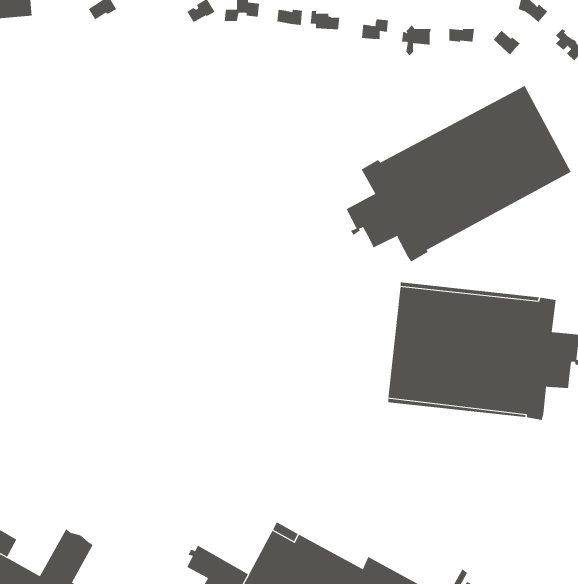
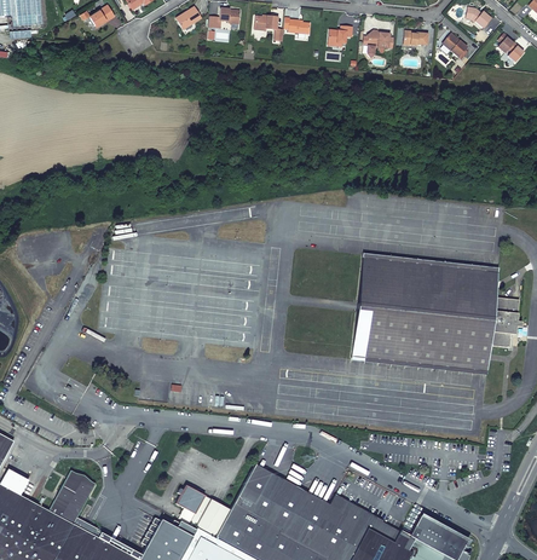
building: [346,85,571,262] -> none

